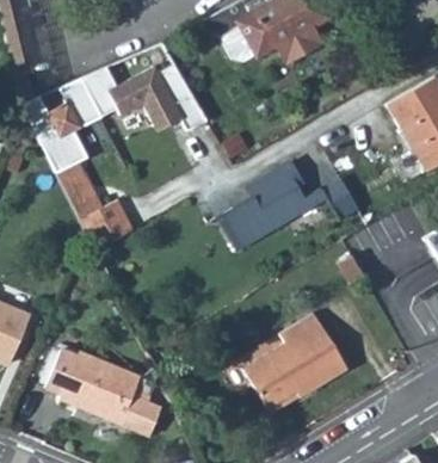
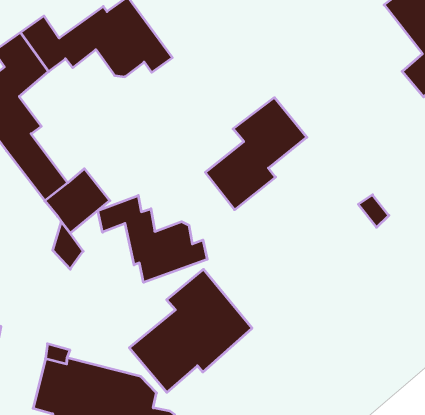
building: none -> [98,195,207,282]
building: [243,313,347,409] -> [129,269,252,392]

